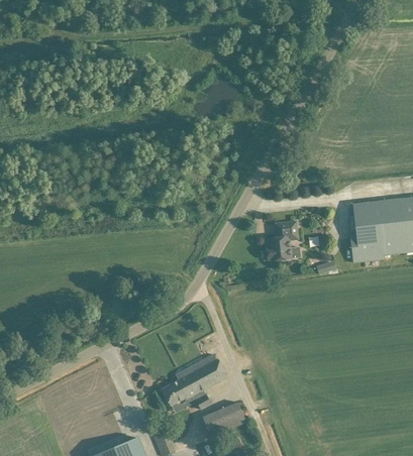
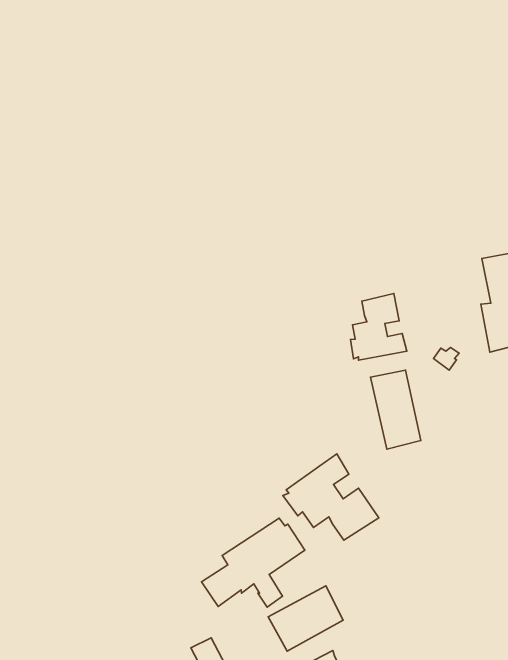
building: none -> [371,370,421,449]
building: none -> [283,454,379,540]

